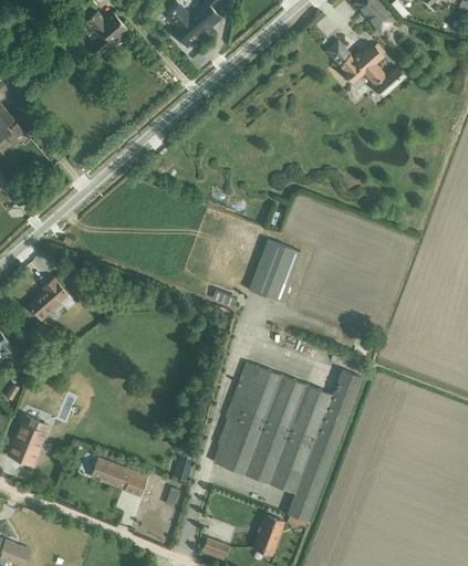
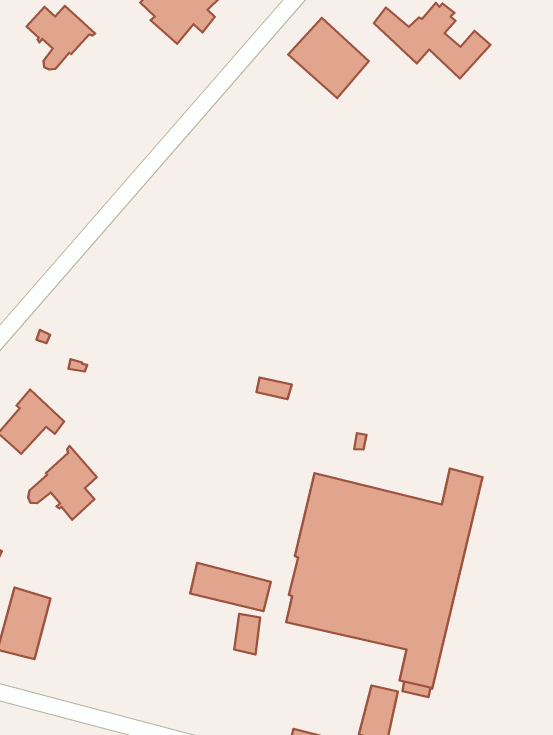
building: none -> [288,18,369,98]
building: [248,239,301,302] -> none
building: none -> [28,446,97,520]
building: [90,455,147,495] -> [190,563,271,611]

